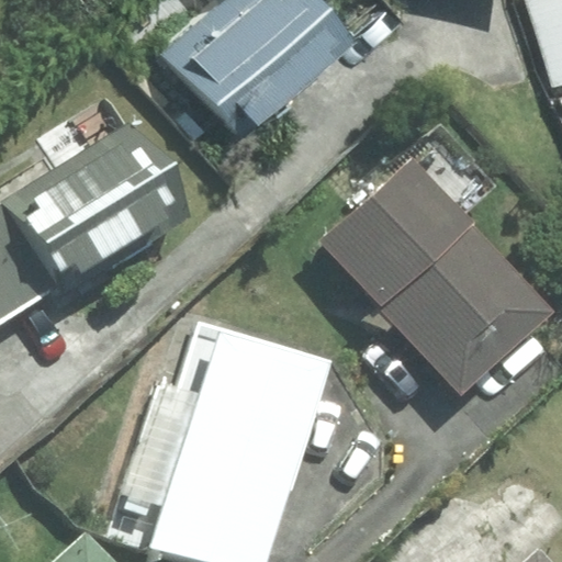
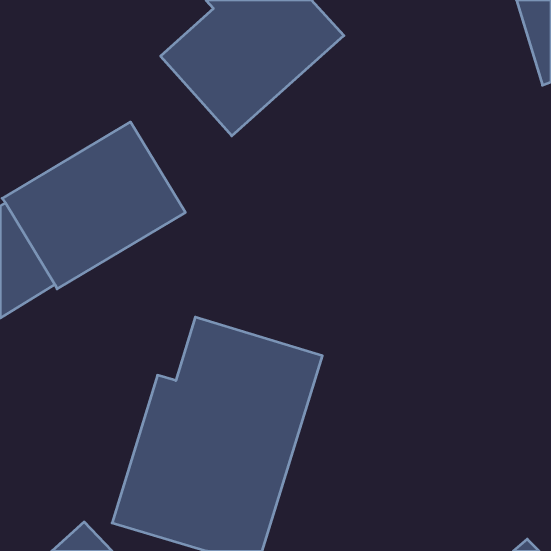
building: [323,160,551,393] -> none

